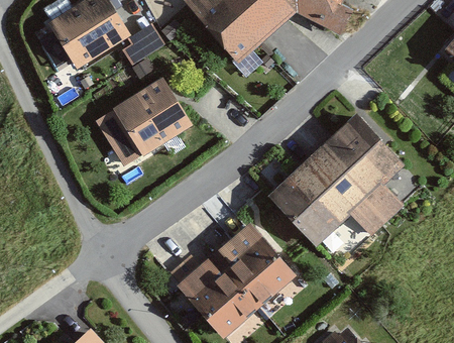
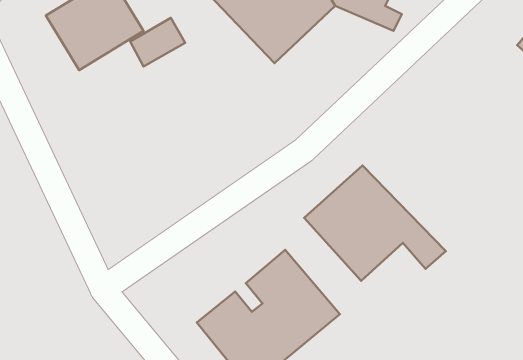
building: [94,78,193,166] -> none
building: [315,112,405,222] -> none

